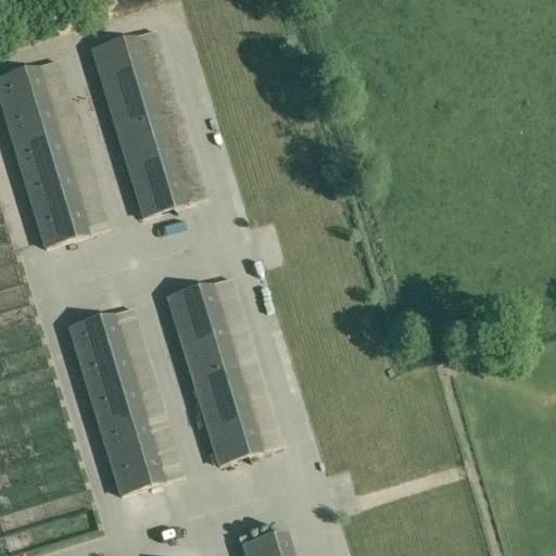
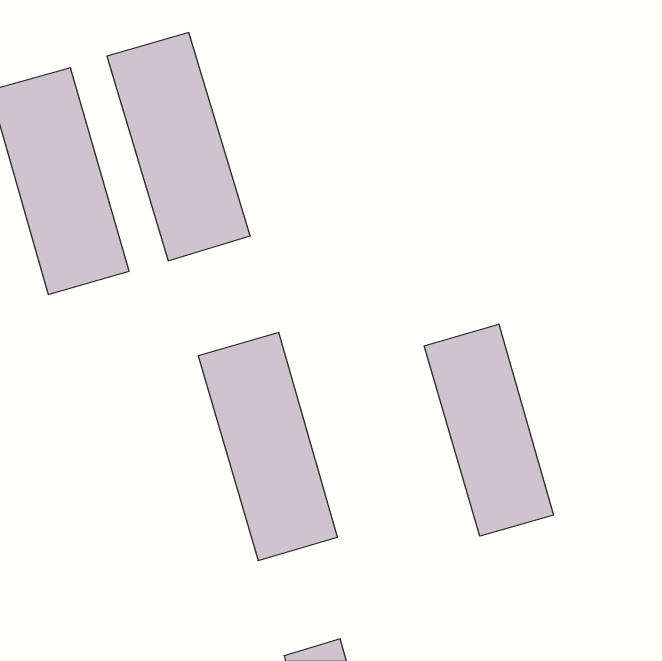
building: none -> [424,324,554,536]
building: [65,305,185,493] -> none

